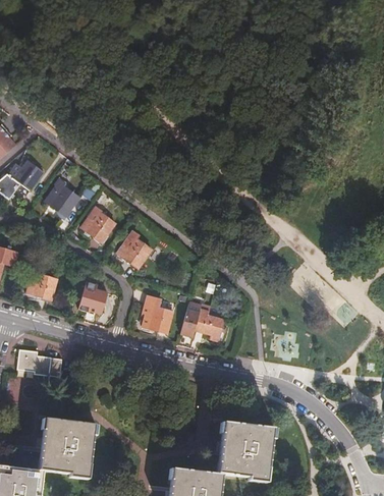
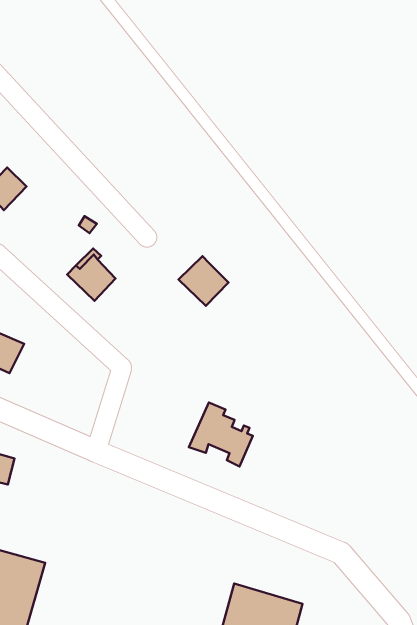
building: [44,179,78,220] -> none
building: [115,236,150,270] -> [178,256,228,306]
building: [78,286,111,315] -> none
building: [142,297,173,334] -> none

